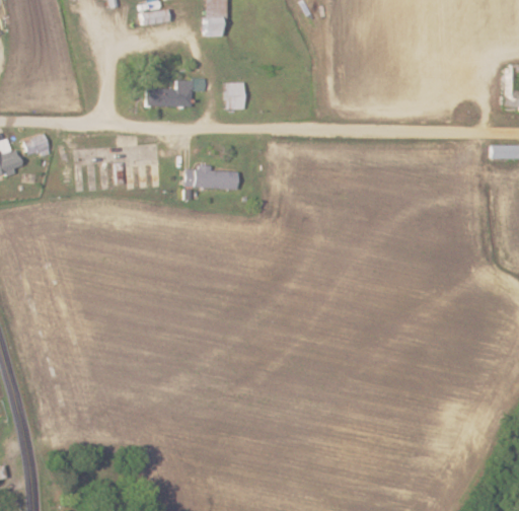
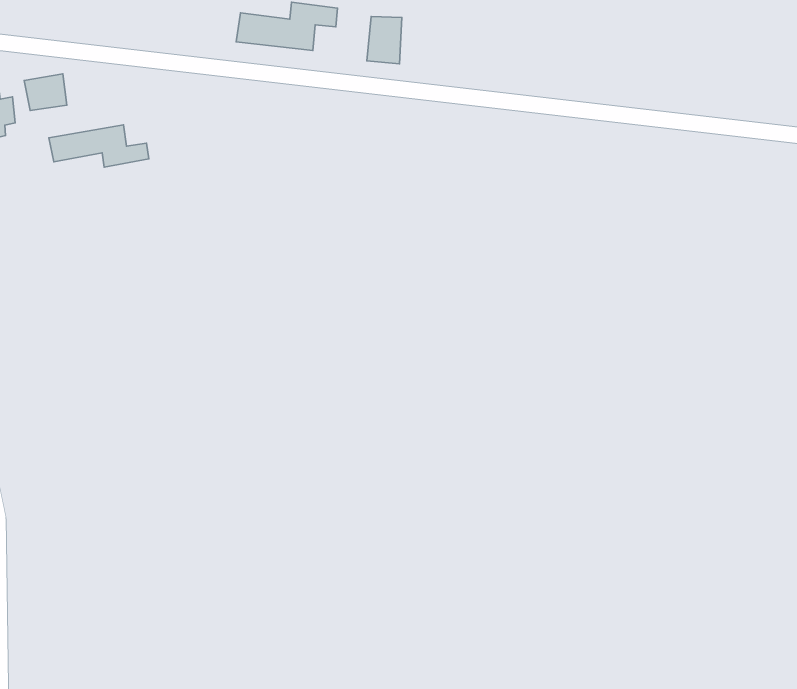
building: none -> [49,125,149,167]
building: [184,164,239,189] -> none

